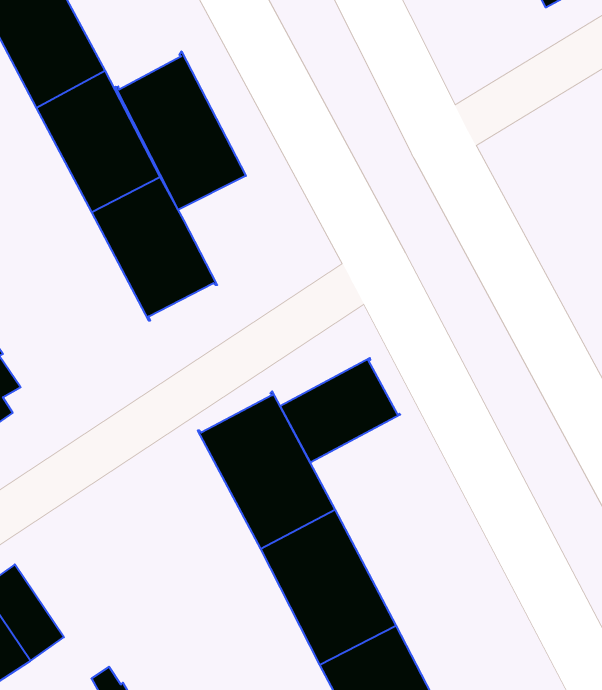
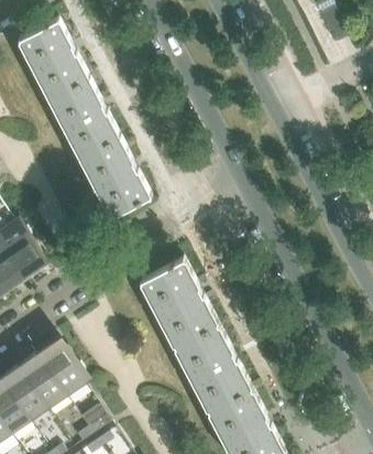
building: [115,51,246,210] -> none
building: [280,358,400,463] -> none
building: none -> [37,345,87,394]

